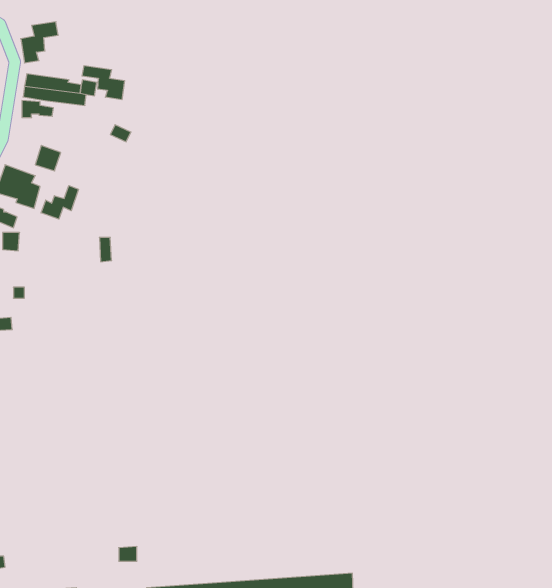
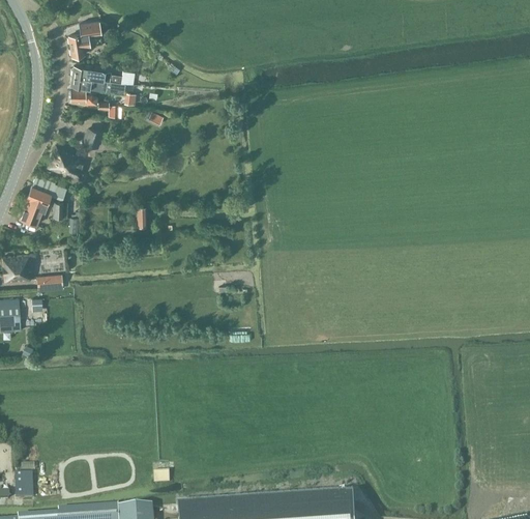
building: [82,66,125,100] -> none
building: [41,186,79,219] -> none

